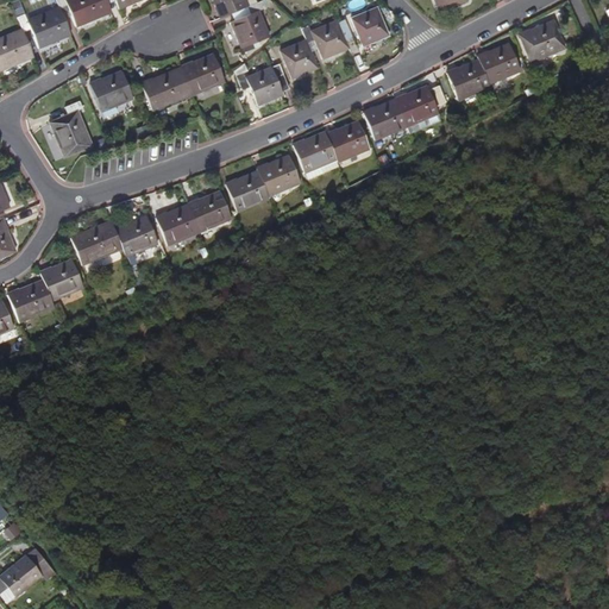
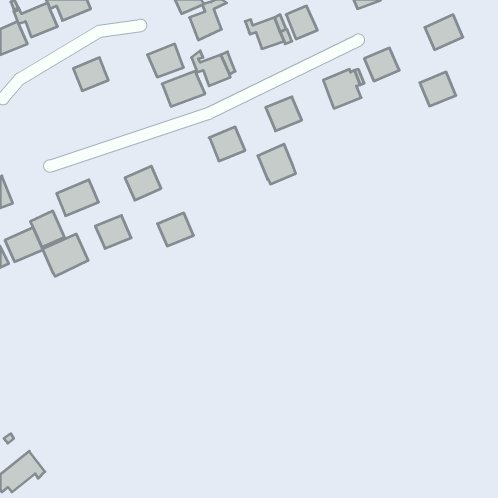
building: [278,39,316,77] -> none
building: [475,42,519,83] -> [420,72,456,106]
building: [140,67,193,109] -> [162,71,205,106]
building: [363,98,406,138] -> none
building: [50,99,92,155] -> none
building: [294,133,340,182] -> [258,144,296,184]
building: [224,169,269,213] -> none
building: [186,189,230,230] -> [157,213,194,246]
building: [113,214,157,255] -> [95,215,131,249]
building: none -> [43,234,88,276]

